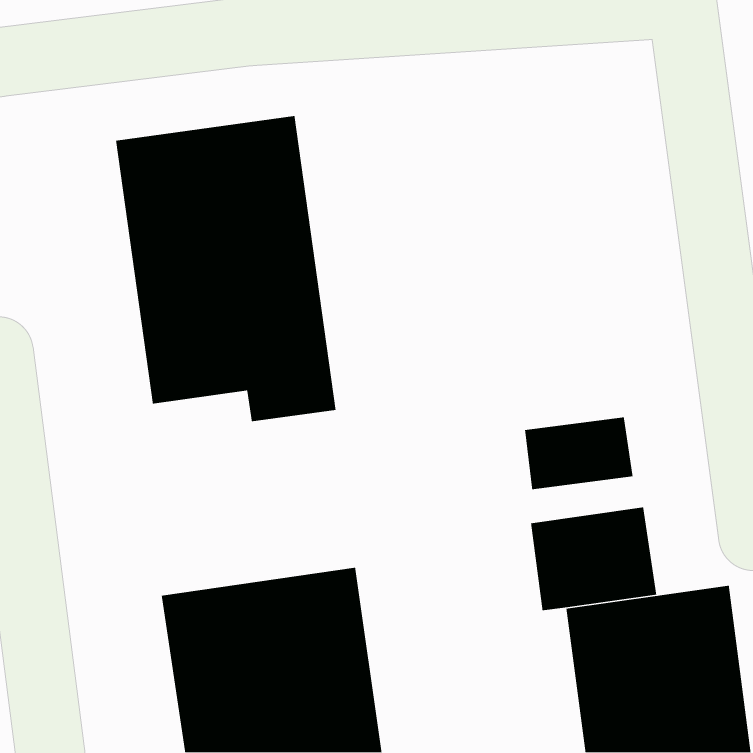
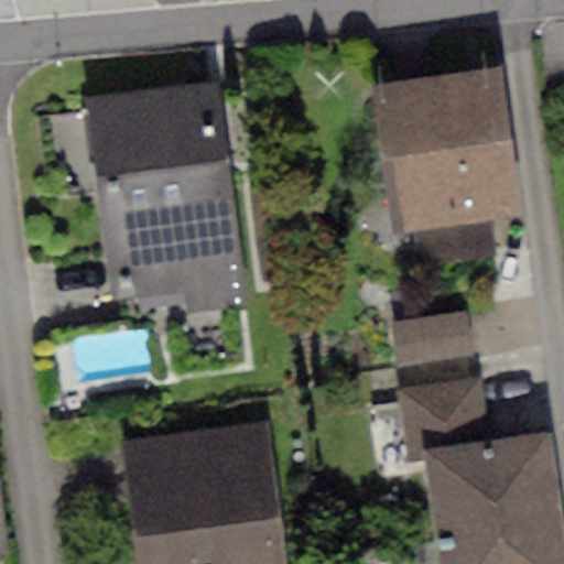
building: none -> [371,69,519,265]

